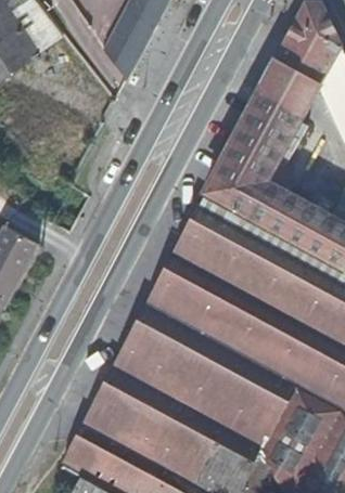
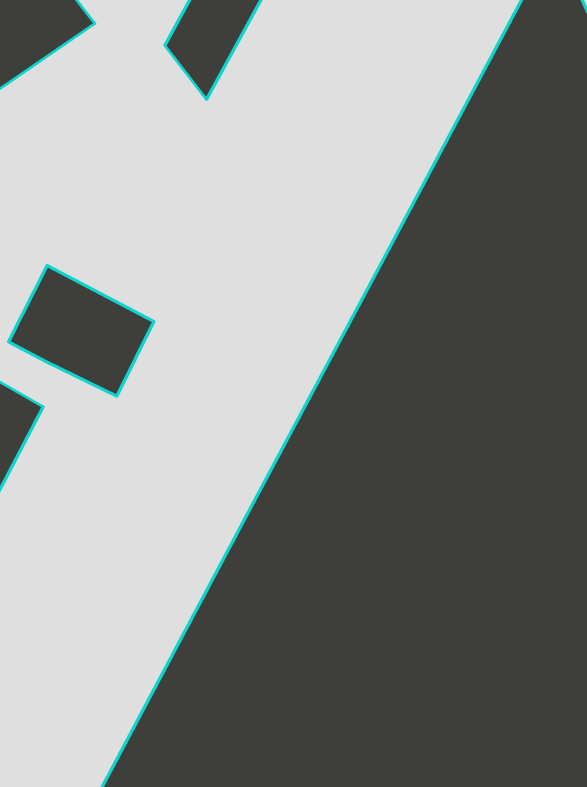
building: none -> [8,265,154,396]

